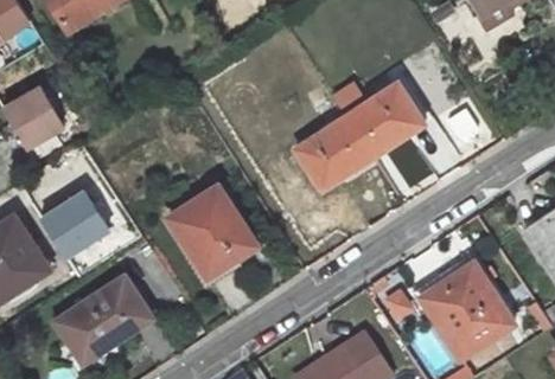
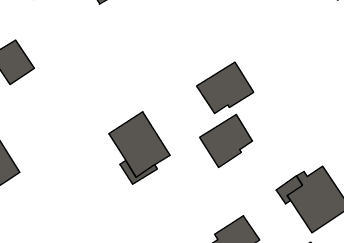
building: [347,86,421,160] -> [200,114,253,167]
building: [38,187,113,261] -> none
building: [55,278,151,364] -> none

